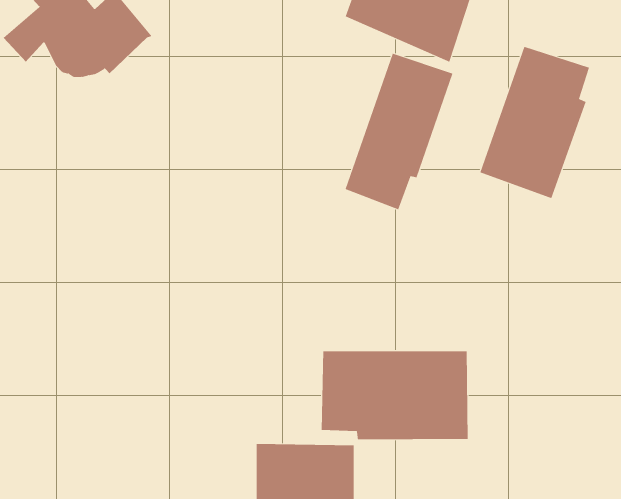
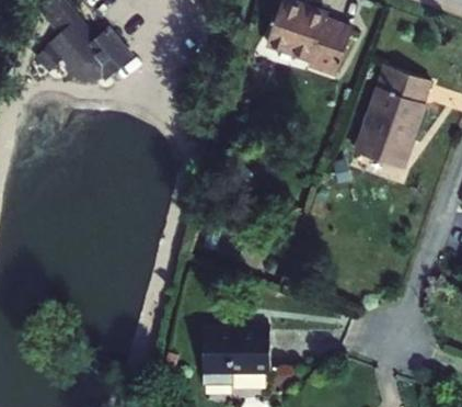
building: [345,53,453,210] -> none
building: [321,350,468,440] -> none

